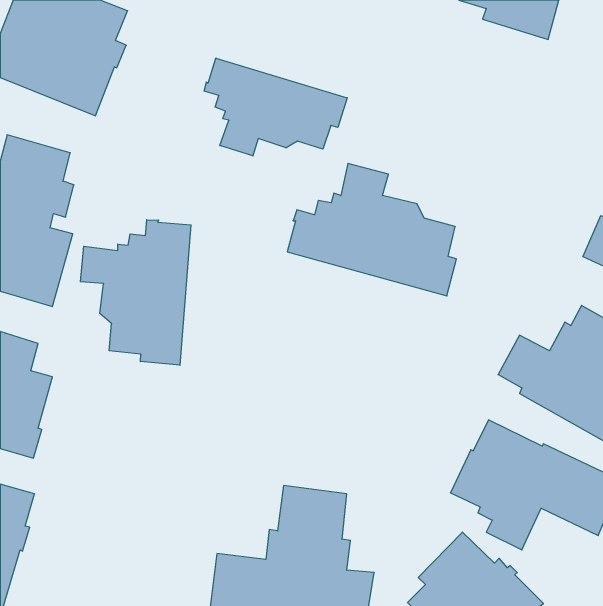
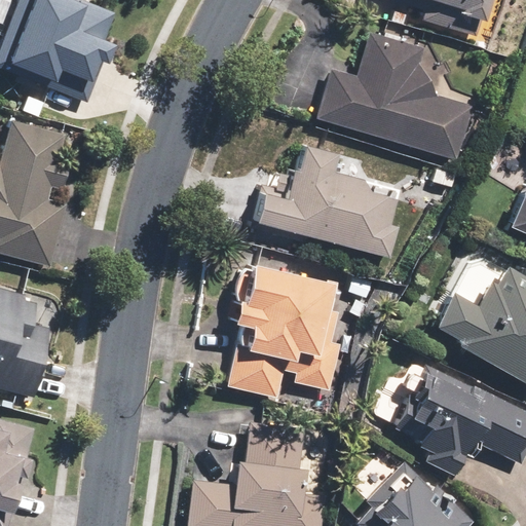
building: none -> [314,30,474,161]
building: [204,58,347,156] -> none
building: [80,220,191,365] -> none
building: none -> [226,262,340,398]

